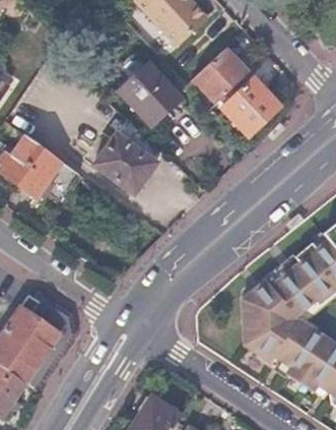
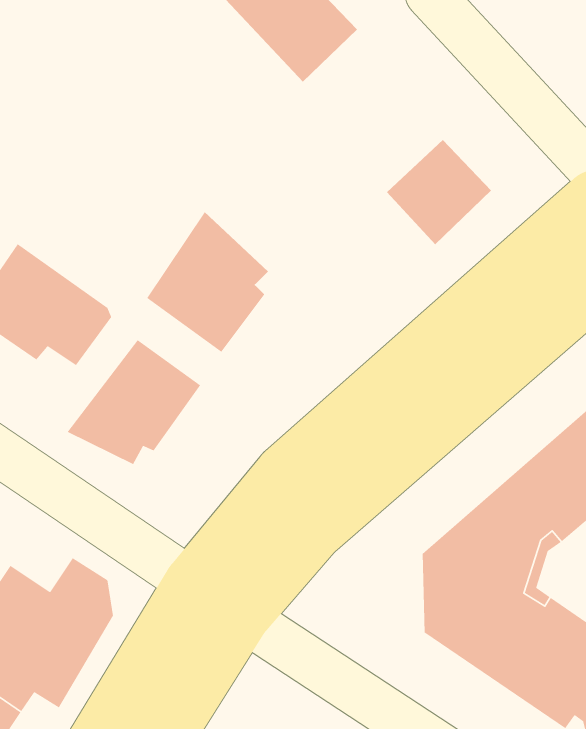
building: [193,47,246,102] -> none
building: [119,60,180,122] -> none
building: none -> [67,339,201,465]

